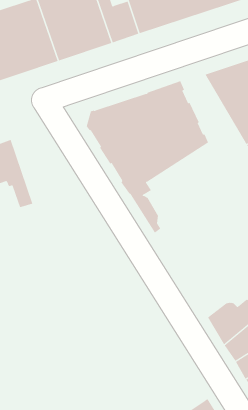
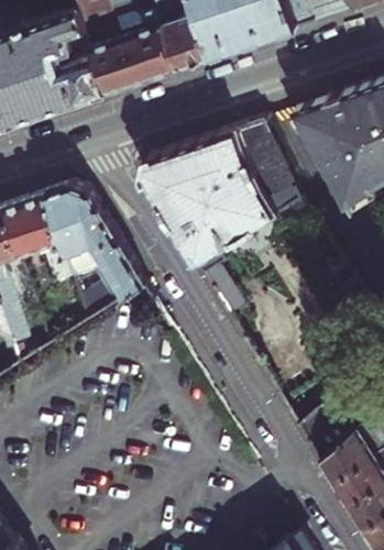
building: none -> [41,186,143,322]

